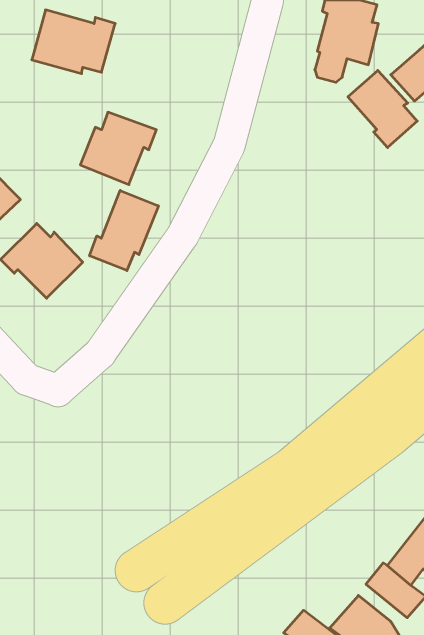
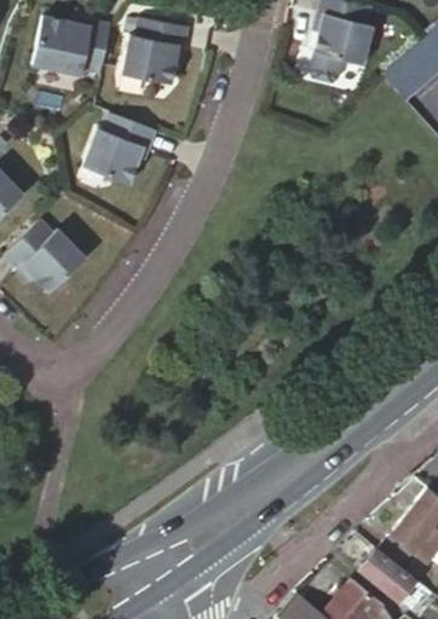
building: none -> [121,18,188,85]
building: [348,70,417,148] -> none
building: [90,190,158,271] -> none

